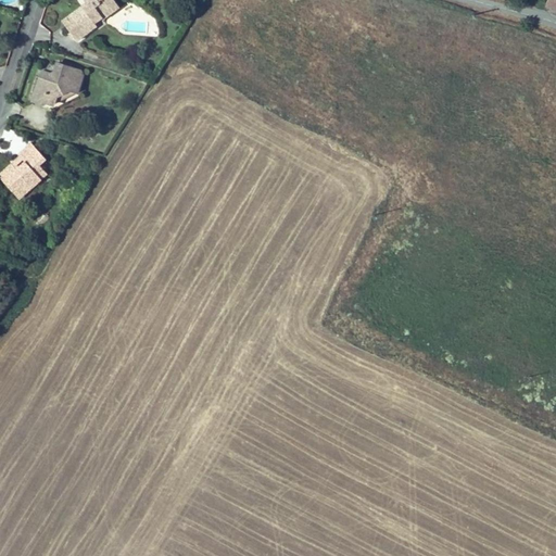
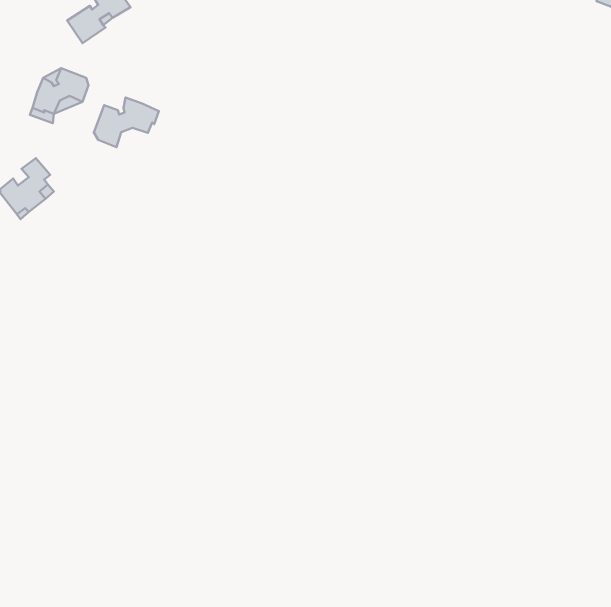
building: none -> [94,98,159,147]

